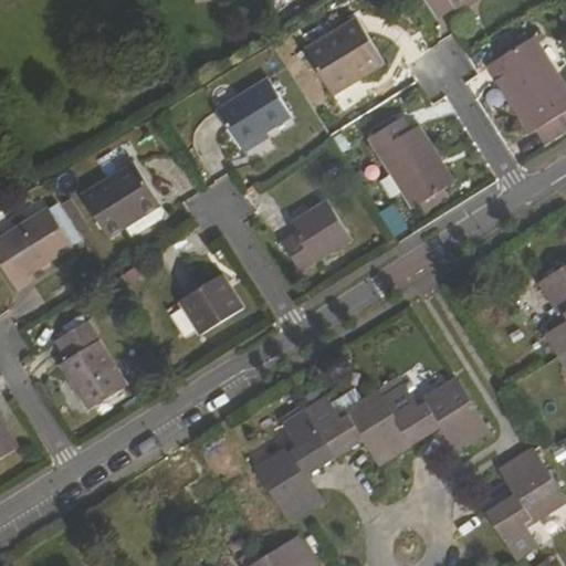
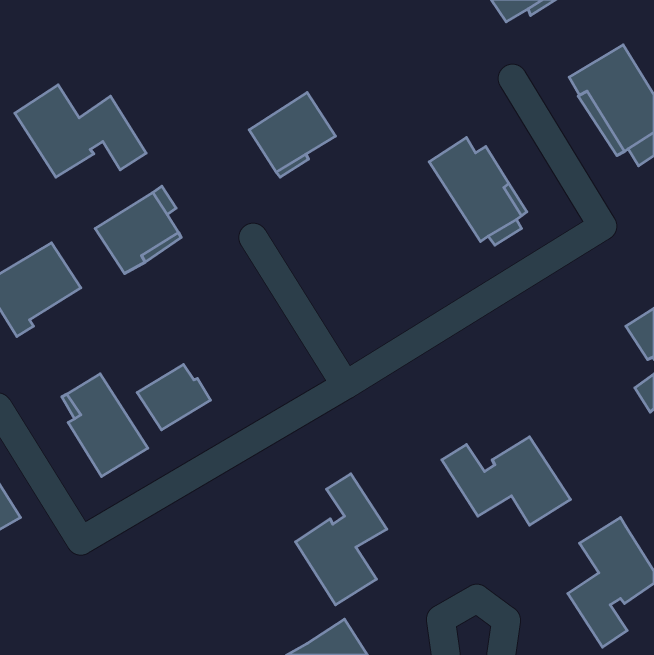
building: [304,19,384,95] -> none
building: none -> [15,85,146,177]
building: [280,201,350,273] -> none
building: [180,276,243,333] -> [137,364,210,430]
building: [302,389,411,467] -> none

